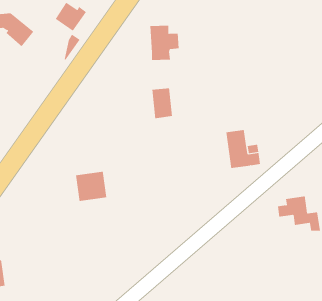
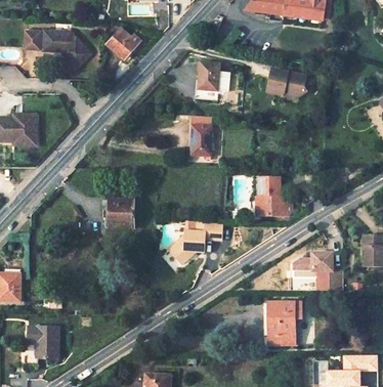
building: none -> [266,67,305,97]
building: none -> [169,220,223,264]
building: none -> [268,302,295,344]

